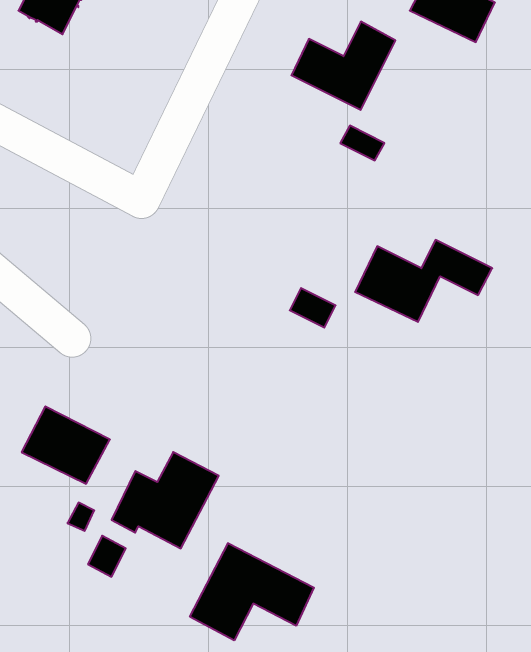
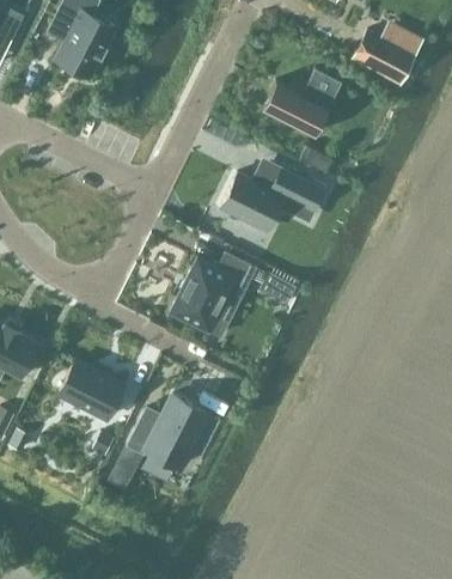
building: [355,240,492,322] -> [219,167,323,230]
building: none -> [170,252,257,337]
building: [190,543,314,640] -> none

